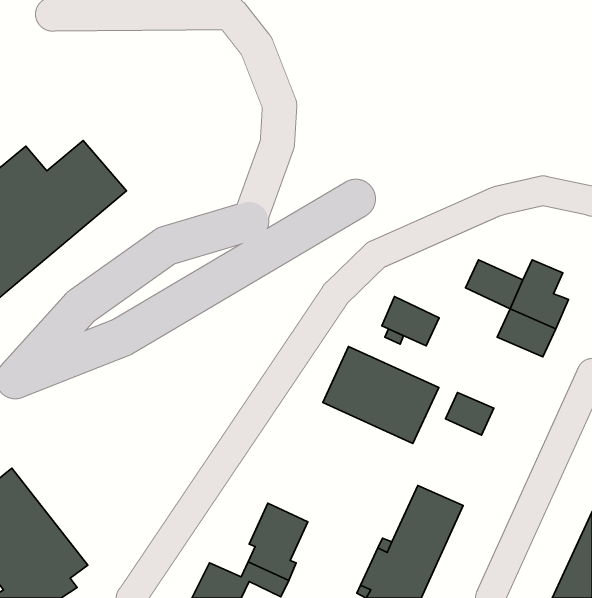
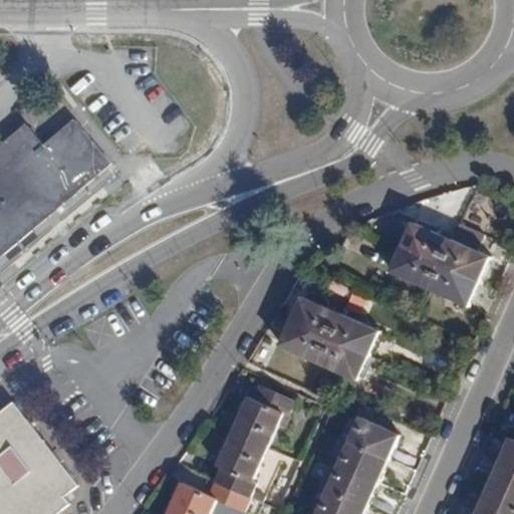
building: [382,297,439,346] -> [389,247,438,289]
building: [446,393,494,435] -> none
building: none -> [230,384,291,448]

